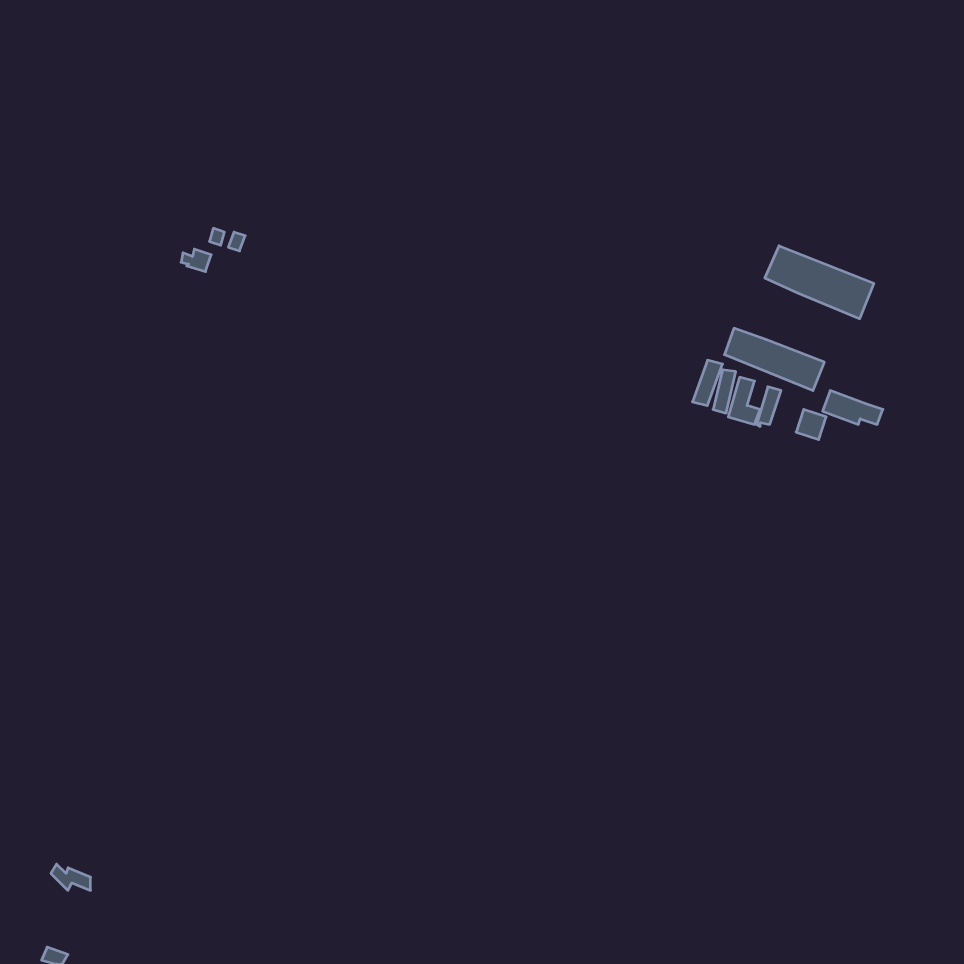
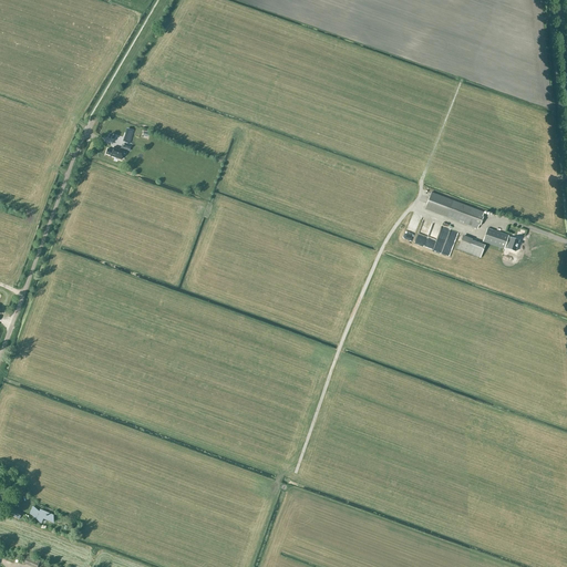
building: [765,246,874,319] -> none

